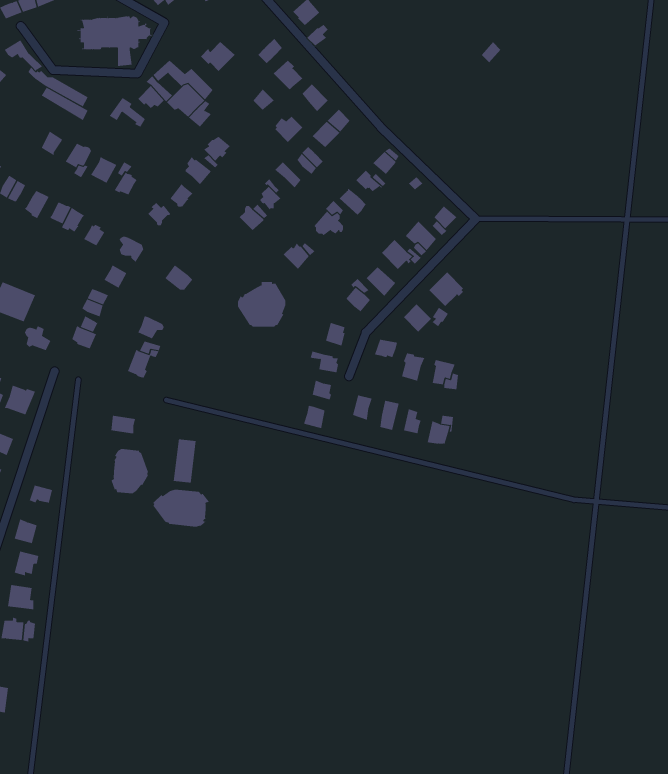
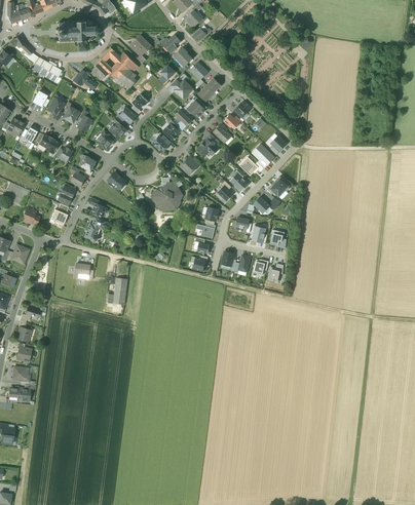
building: [111,448,149,494] -> none
building: [153,489,210,528] -> none

